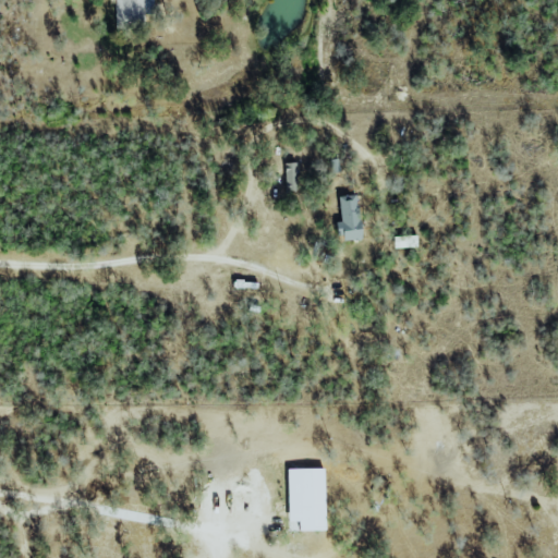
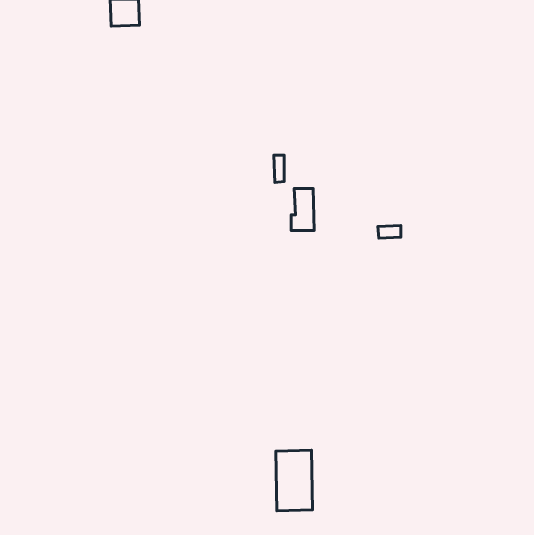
building: [338,194,362,238] -> [291,188,314,230]

